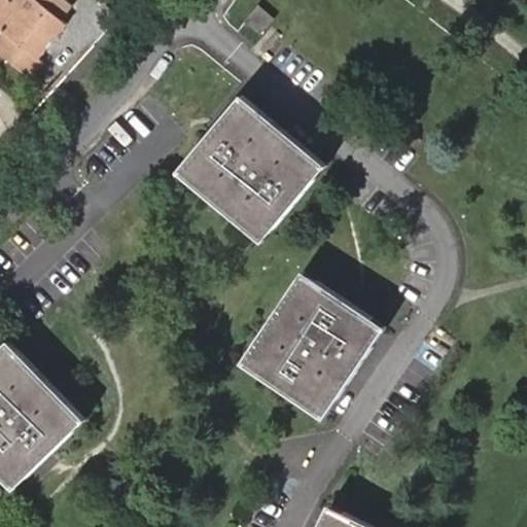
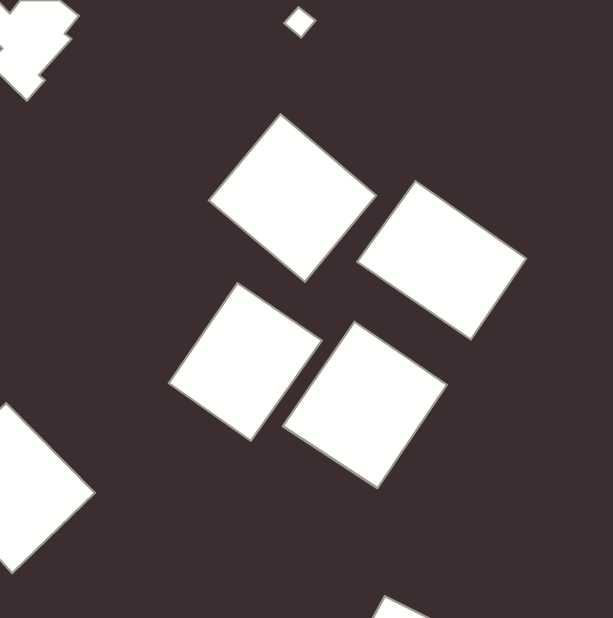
building: none -> [357,181,526,339]
building: none -> [169,283,322,441]

